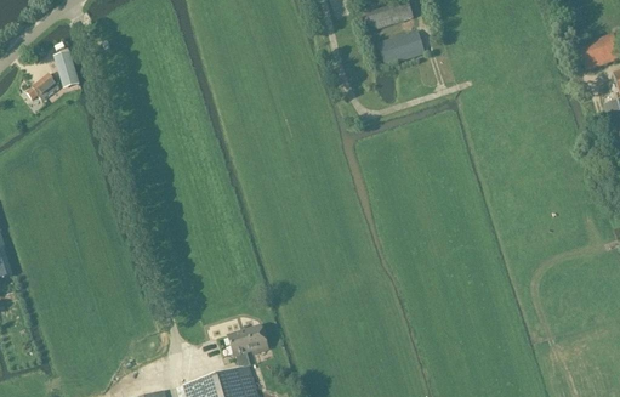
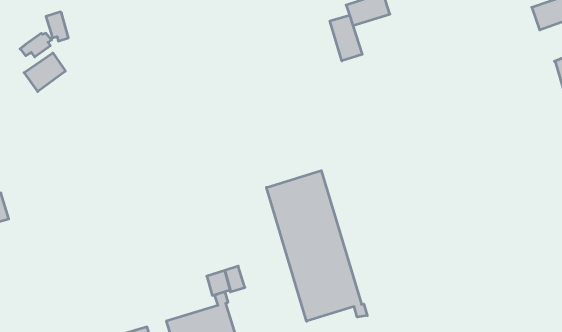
building: none -> [330,15,362,61]
building: none -> [24,53,65,92]
building: none -> [266,171,367,321]

